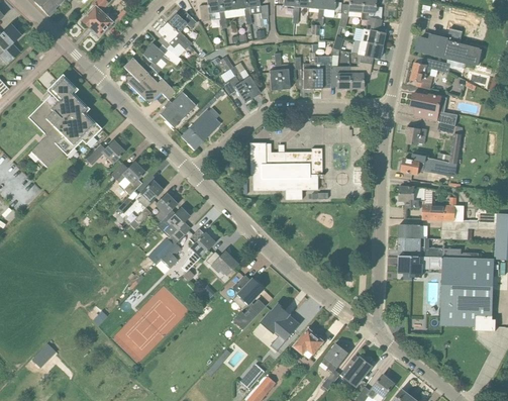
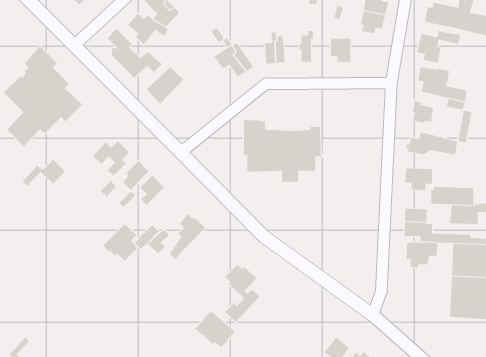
building: [349,60,372,88] -> none
building: [313,61,330,88] -> none
building: [182,109,220,146] -> none
building: [84,139,124,165] -> [22,159,66,187]
building: [157,204,190,240] -> [102,223,138,262]
building: [206,250,236,274] -> none
building: [261,304,299,339] -> [194,310,236,348]
building: [296,328,324,357] -> none

